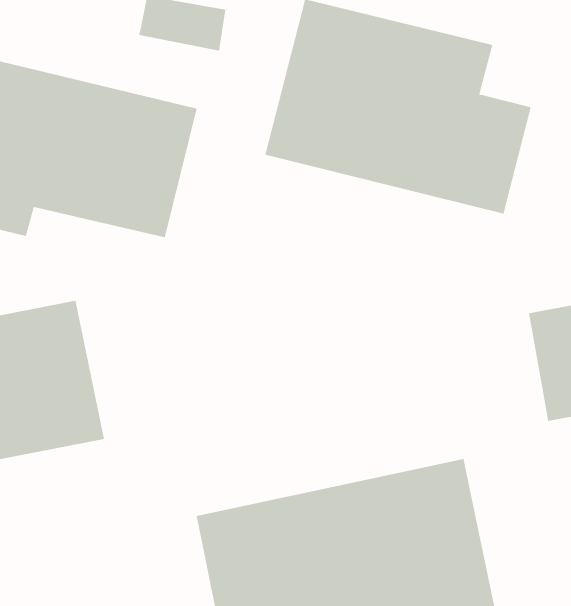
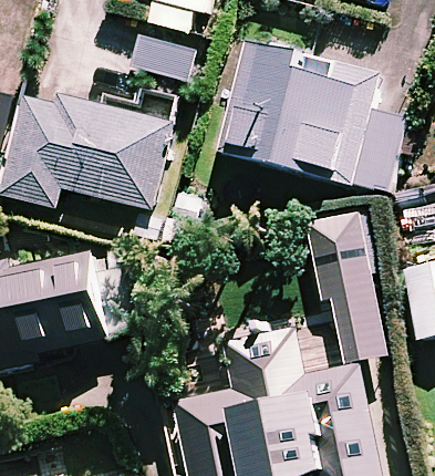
building: none -> [248,214,385,381]

